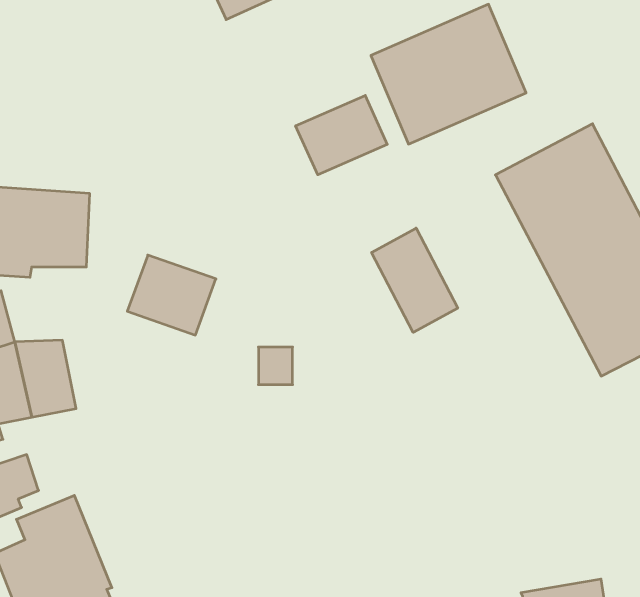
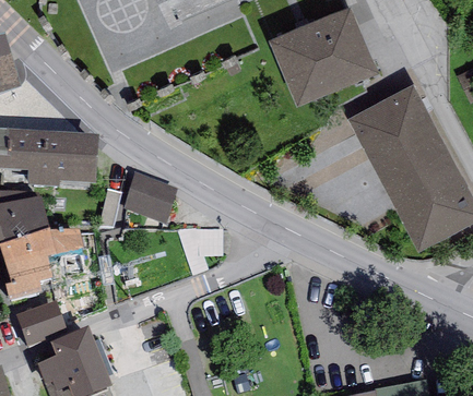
building: [296,95,387,175] -> none
building: [372,228,458,332] -> none

